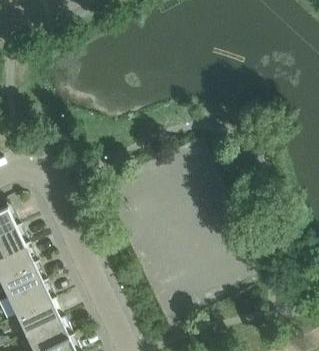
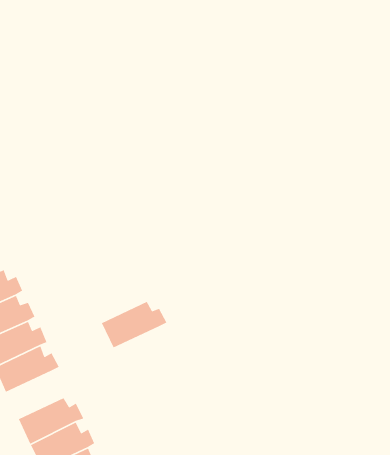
building: [7,279,56,314] -> [101,301,168,349]

